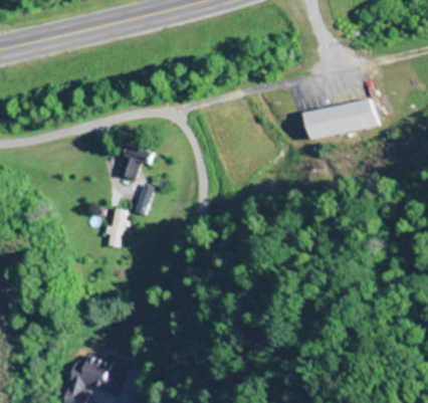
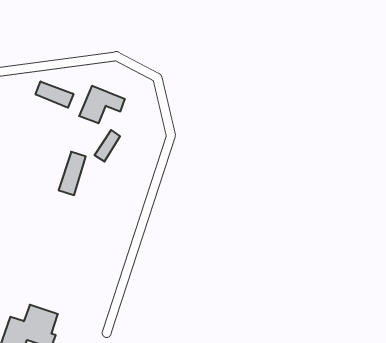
building: [301,99,376,140] -> none
building: none -> [36,81,73,108]

